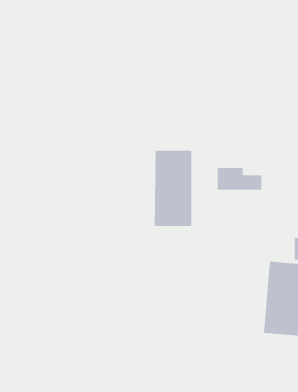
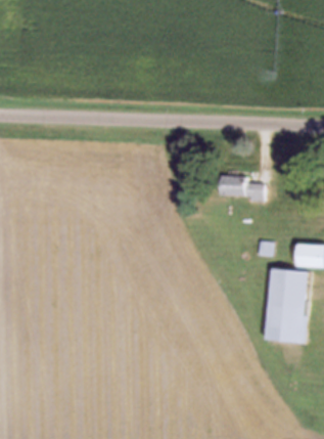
building: [154,150,192,227] -> none

